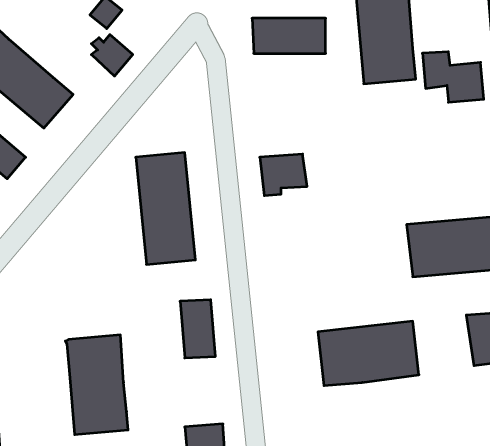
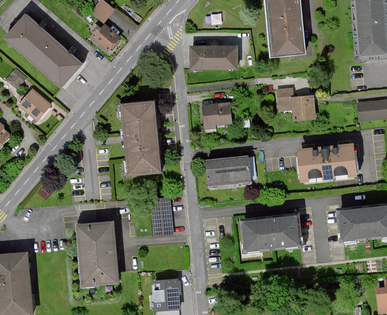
building: [252,18,326,53] -> [190,45,238,68]
building: [422,52,484,102] -> [276,87,316,120]
building: none -> [207,155,252,185]

